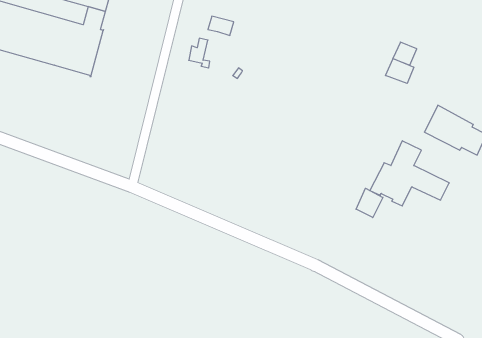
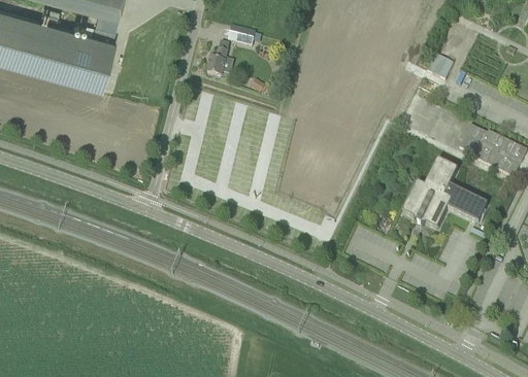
building: [386,58,414,83] -> none
building: [356,188,383,218] -> none

